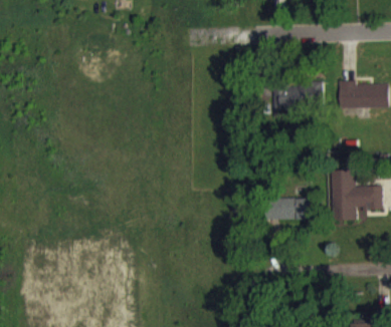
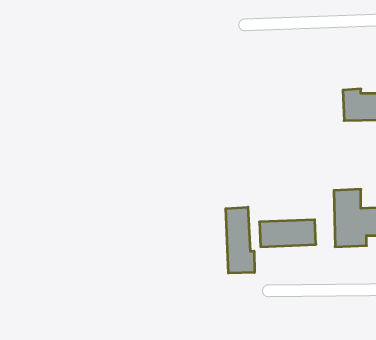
building: [272,84,313,108] -> none
building: none -> [226,207,254,273]

